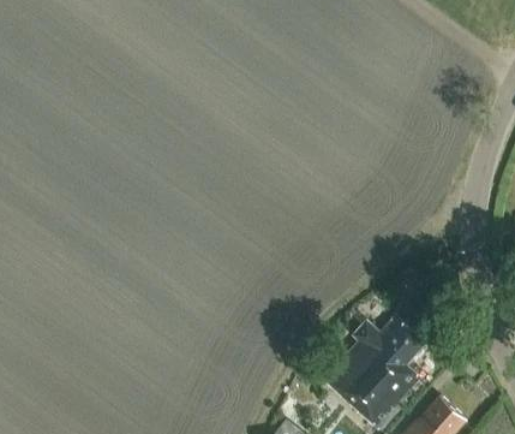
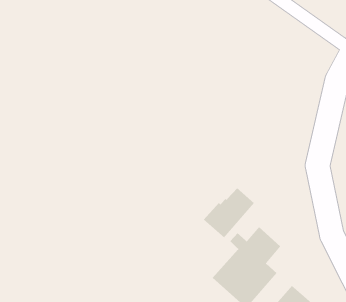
building: none -> [203,187,255,238]

